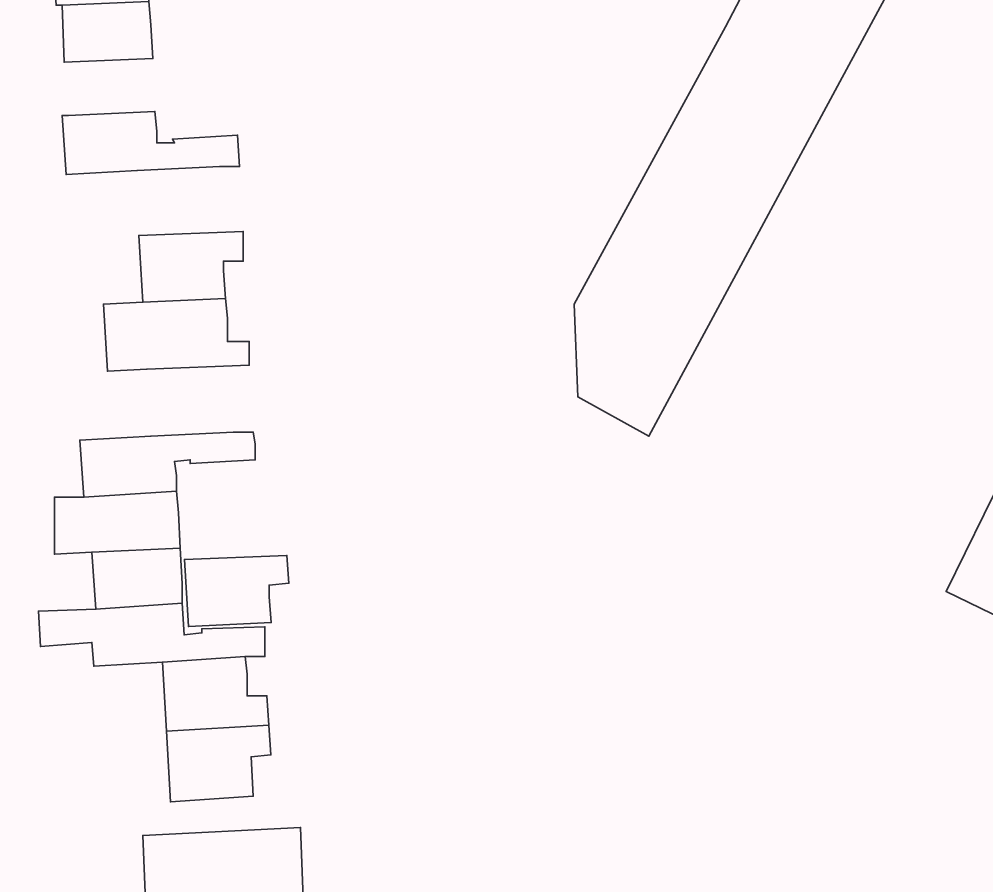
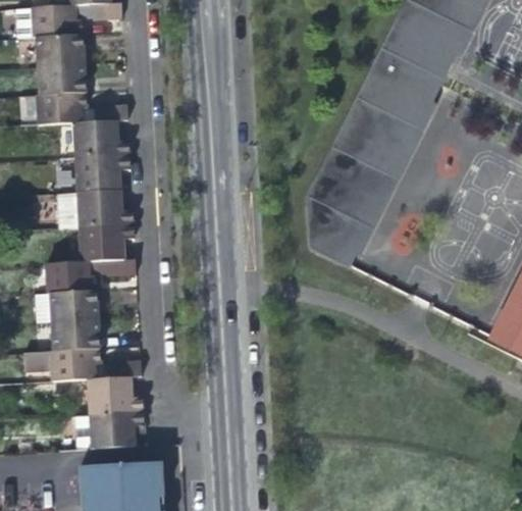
building: none -> [38,64,85,94]
building: none -> [75,120,130,156]
building: [185,556,289,626] -> [81,223,135,260]

